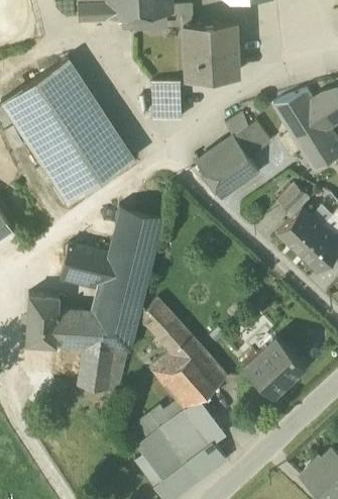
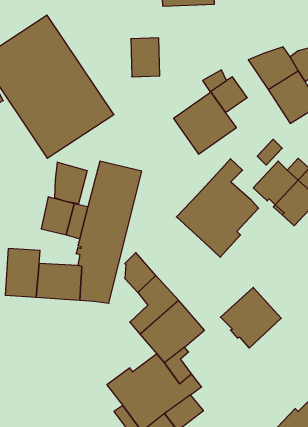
building: [185,46,238,76] -> none
building: none -> [176,159,259,257]
building: none -> [55,162,87,204]
building: [78,346,115,391] -> none

